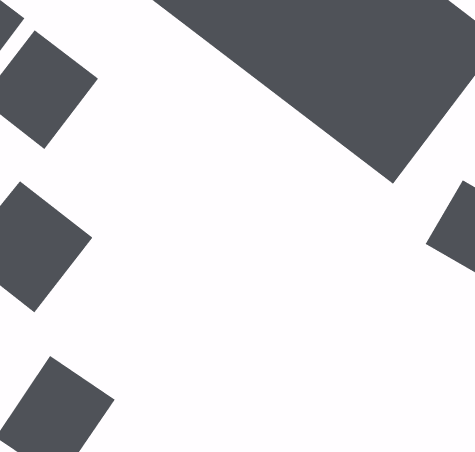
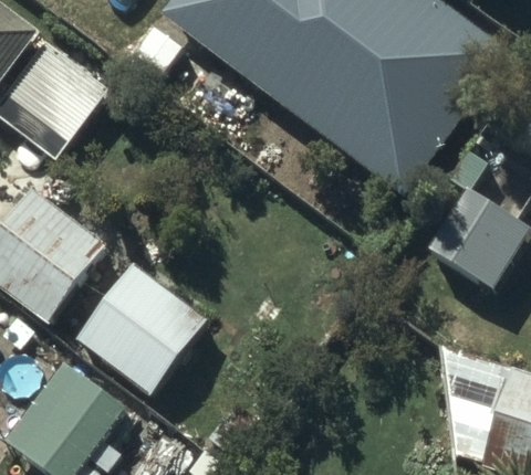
building: none -> [75,262,207,393]

